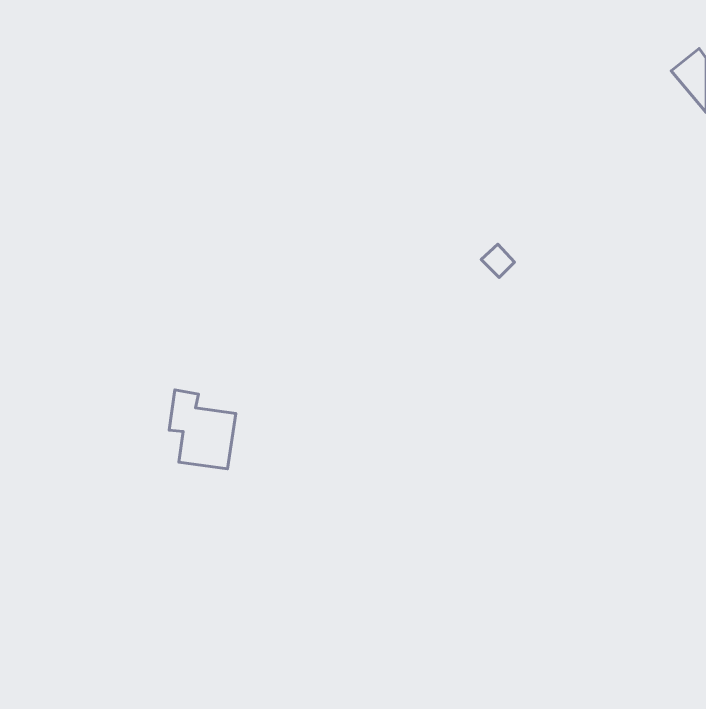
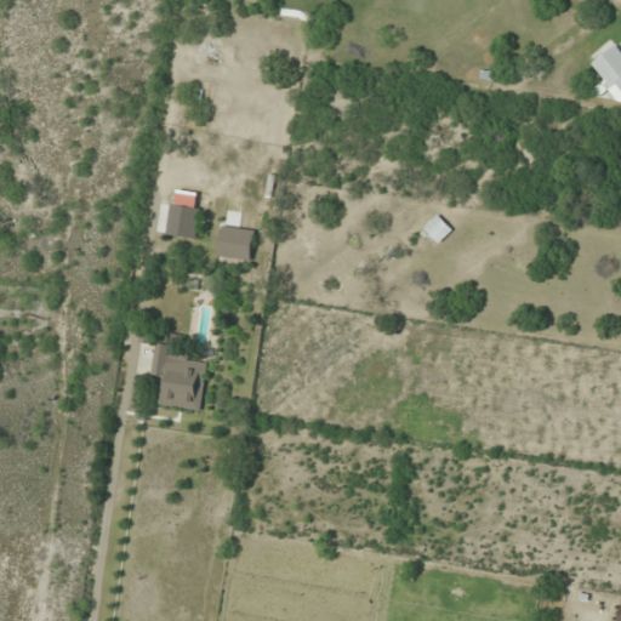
building: none -> [165,190,199,238]
building: none -> [216,226,252,258]

